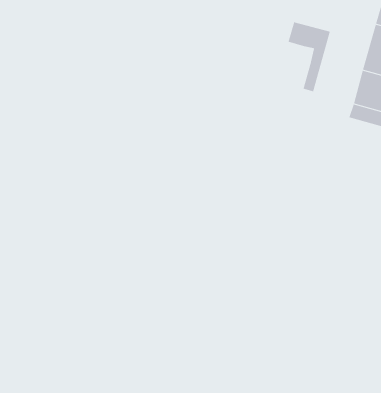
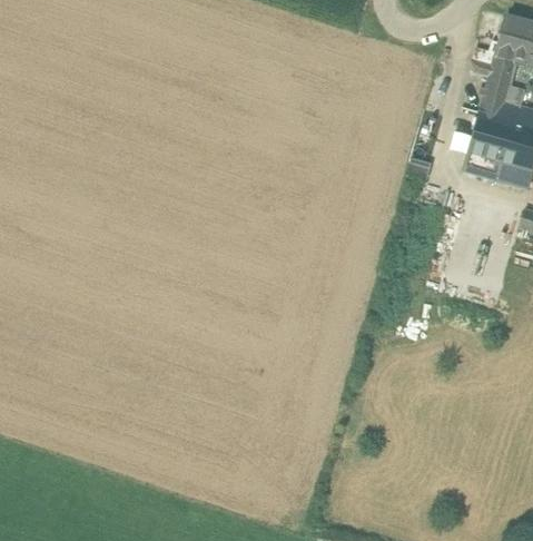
building: [288,22,330,92] -> none

